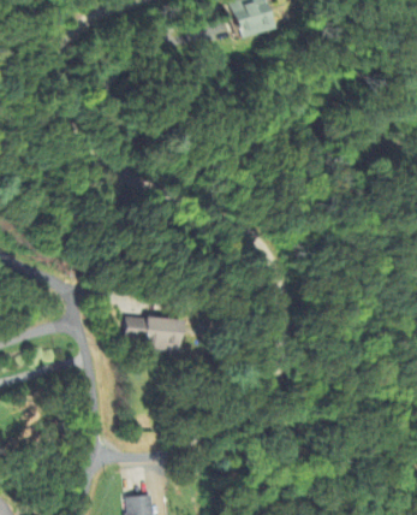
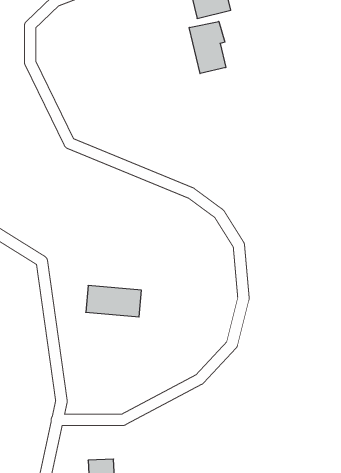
building: none -> [189,21,226,74]

